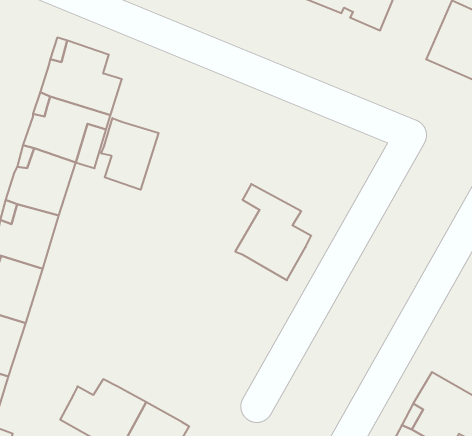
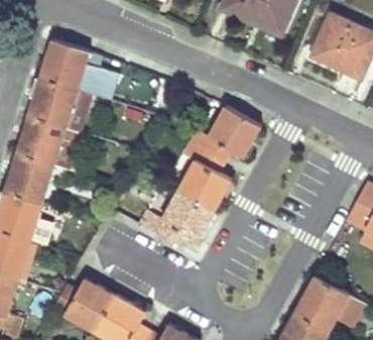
building: [101,118,159,190] -> none
building: none -> [189,107,260,162]
building: none -> [138,191,214,246]

